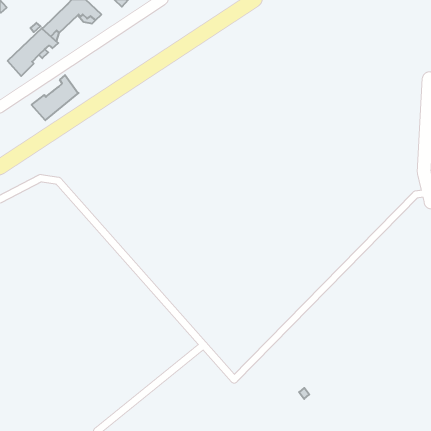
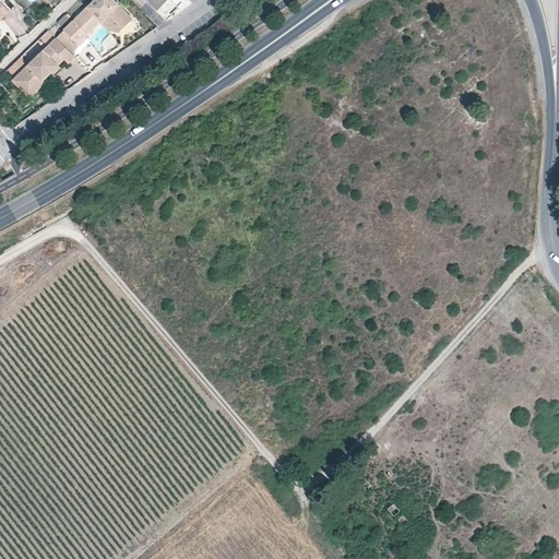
building: [32,75,79,120] -> none

